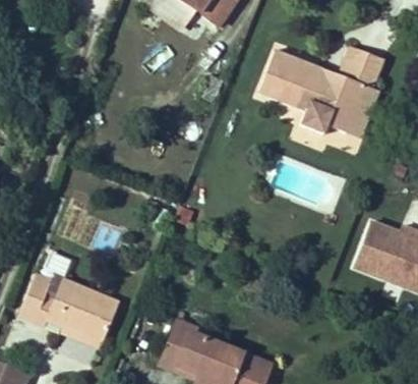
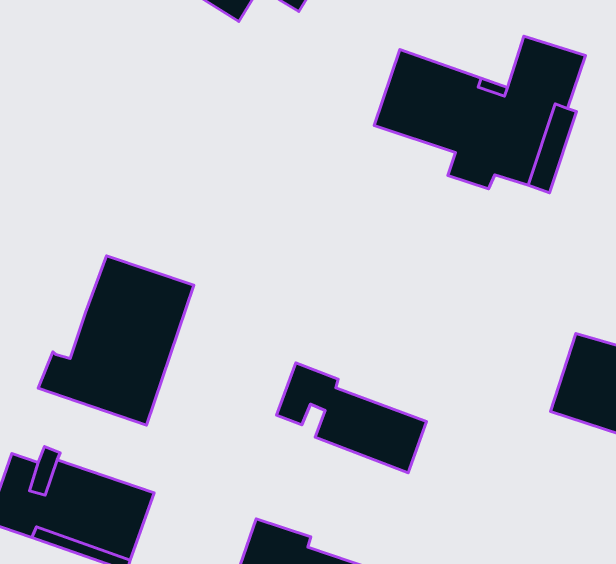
building: none -> [38,256,194,425]
building: none -> [276,363,426,473]

